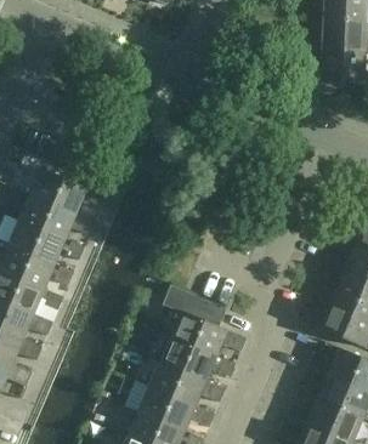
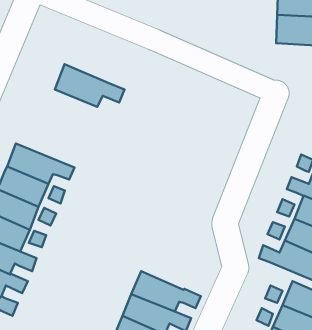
building: [30,166,108,214] -> [55,64,125,107]
building: [164,285,248,357] -> none

